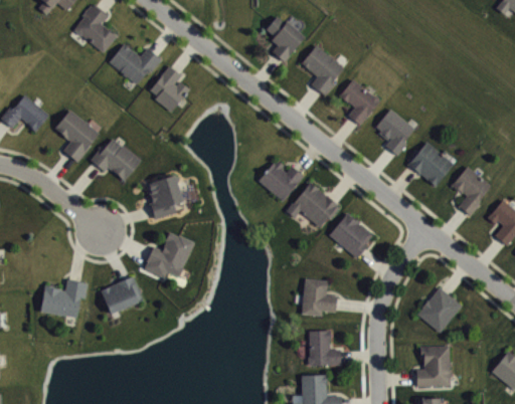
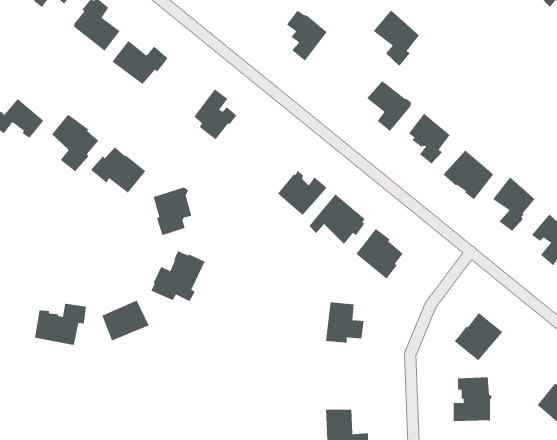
building: [300,44,342,95] -> [373,10,420,67]
building: [150,65,189,112] -> [193,89,237,140]
building: [308,330,339,366] -> none

